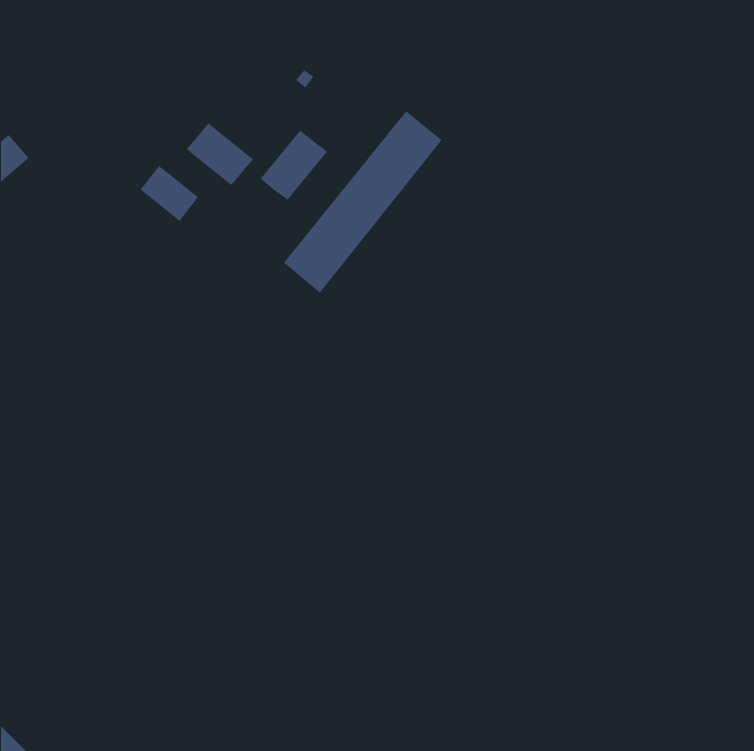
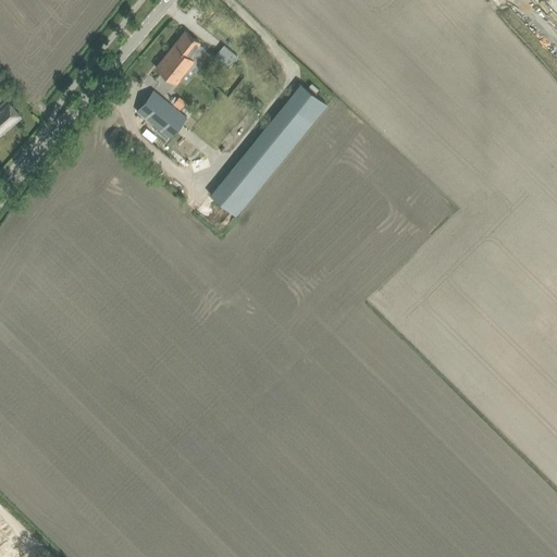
building: [260,130,328,201] -> [156,33,206,85]
building: [140,165,199,222] -> none

